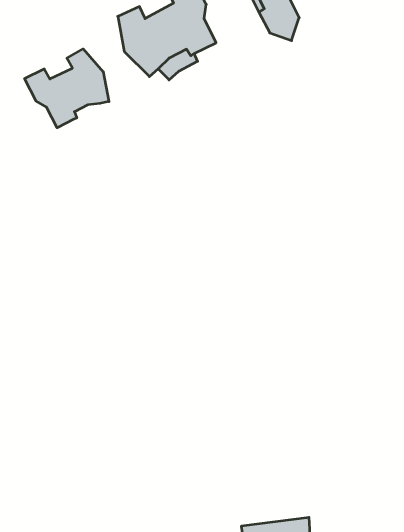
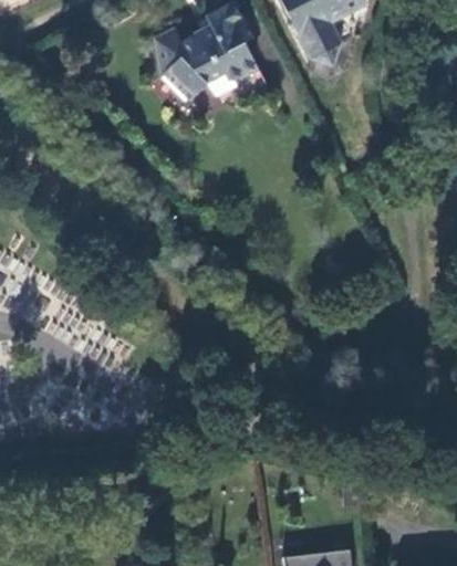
building: [25,49,109,128] -> none

